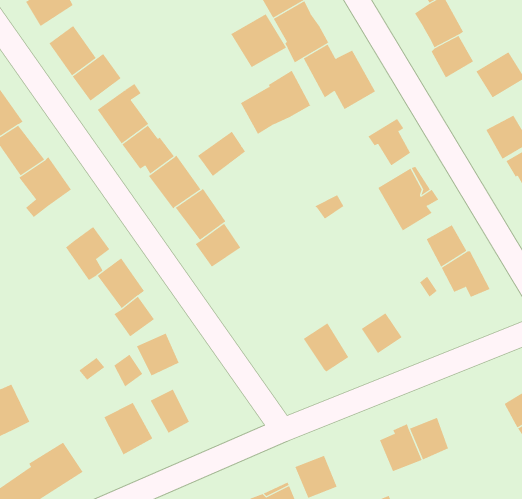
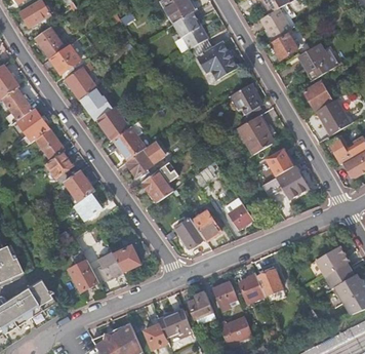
building: [231,14,287,68] -> none
building: [240,70,312,135] -> none
building: [197,131,246,177] -> none
building: none -> [35,127,65,159]
building: none -> [143,169,173,201]
building: [136,333,179,376] -> [113,244,139,271]
building: none -> [175,218,204,247]
building: none -> [213,280,238,309]

